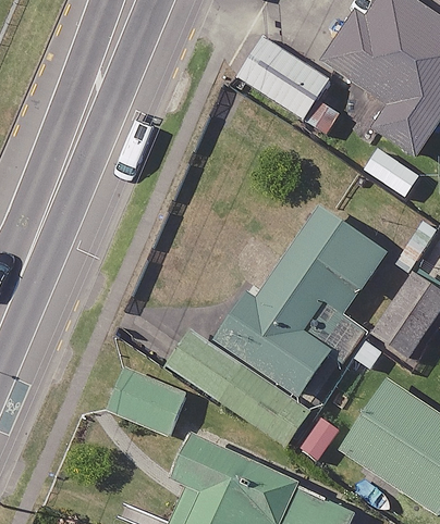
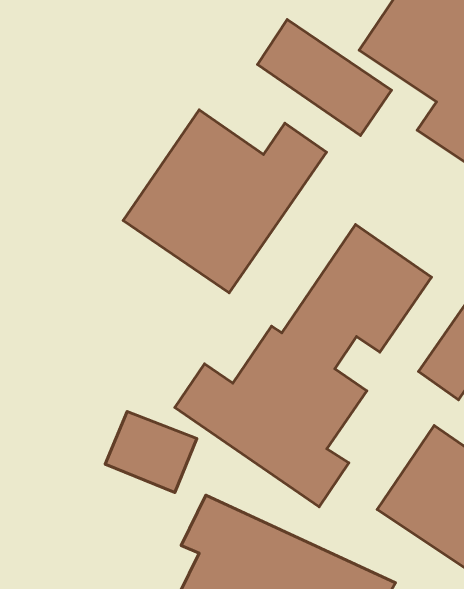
building: none -> [123,110,327,293]

